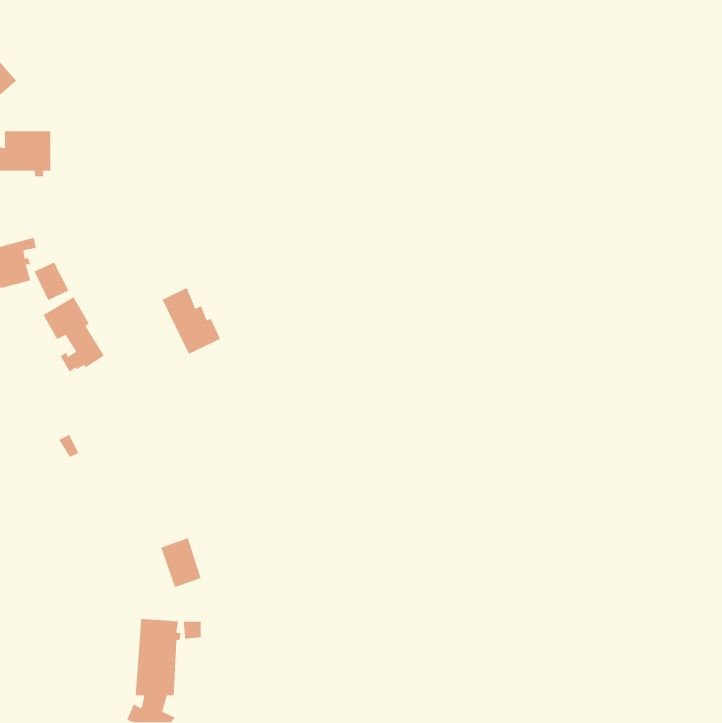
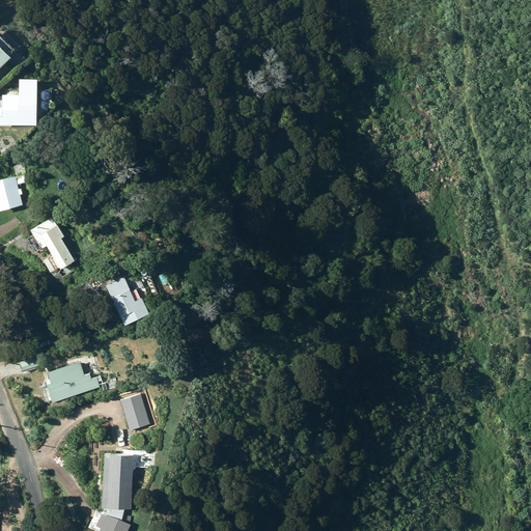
building: [33,262,70,301] -> none
building: [162,287,221,355] -> [106,276,149,326]
building: none -> [49,361,103,403]

